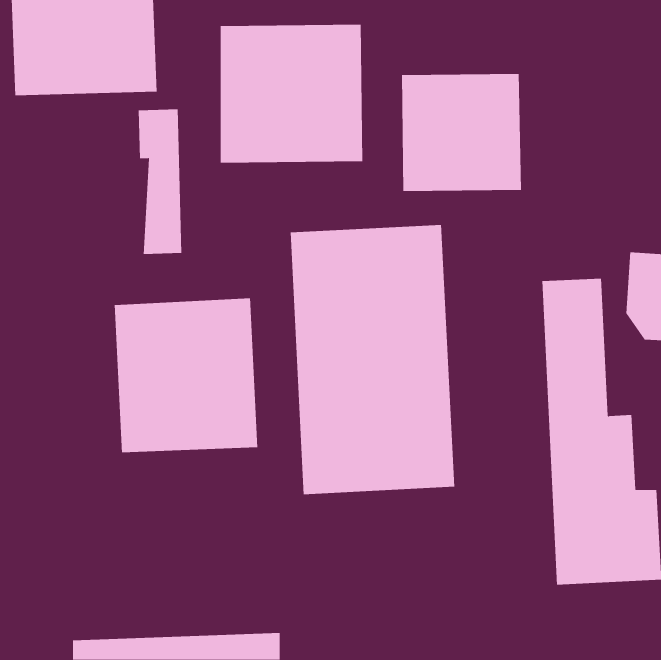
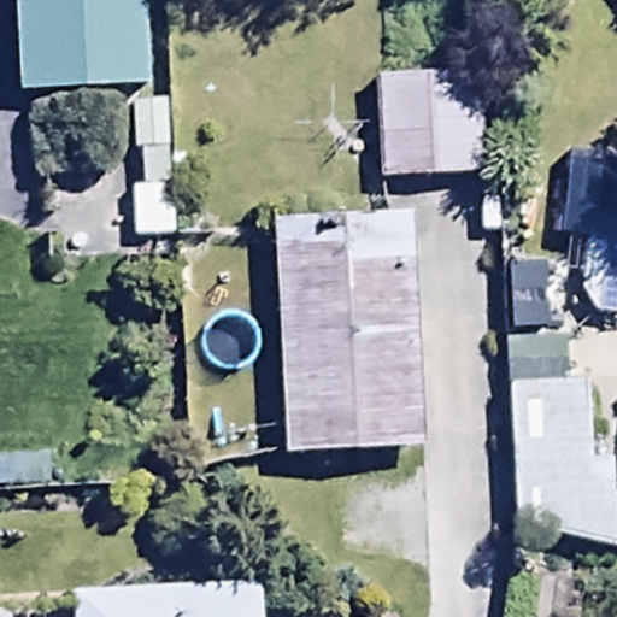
building: [220,24,363,164] -> none
building: [114,298,258,453] -> none

